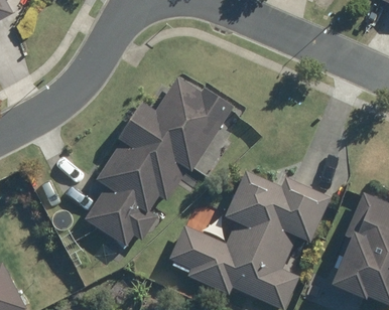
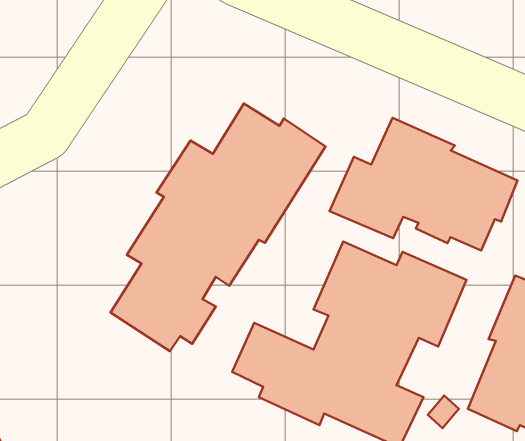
building: none -> [330,118,518,250]

